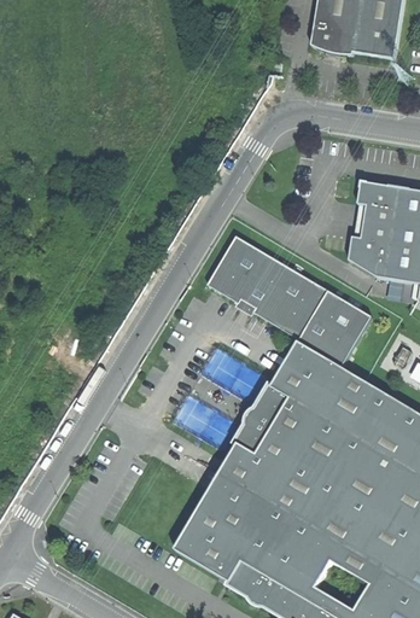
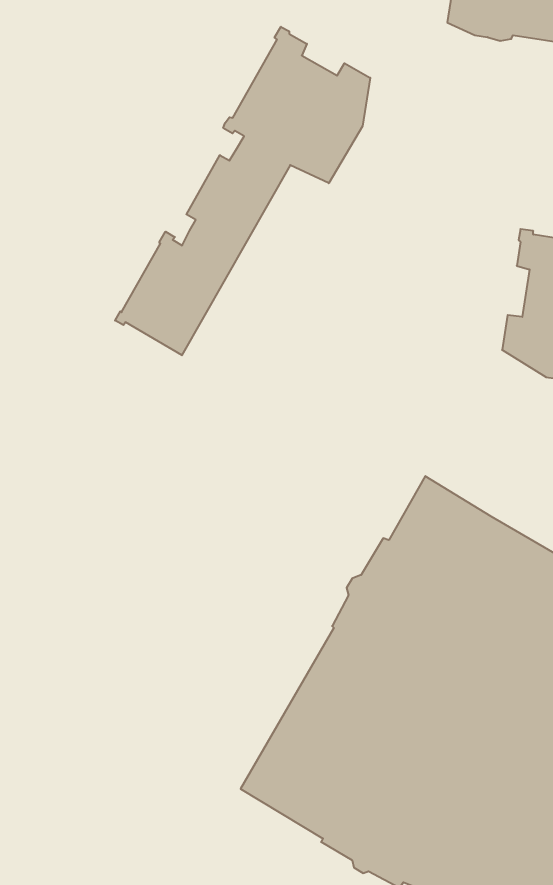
building: none -> [115,27,370,355]
building: [206,235,369,368] -> none

